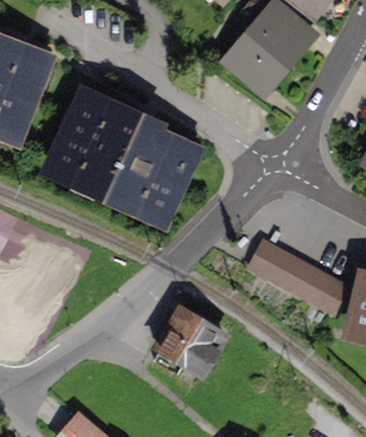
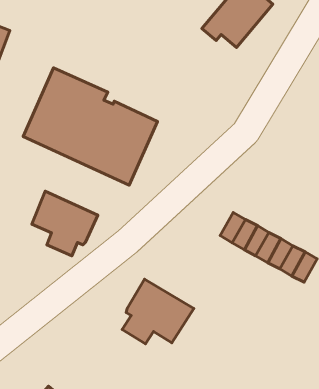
building: none -> [32,191,98,256]

